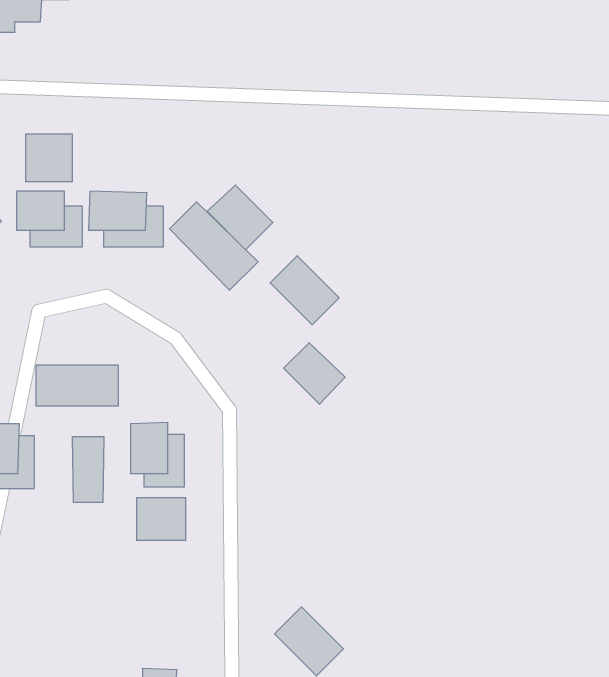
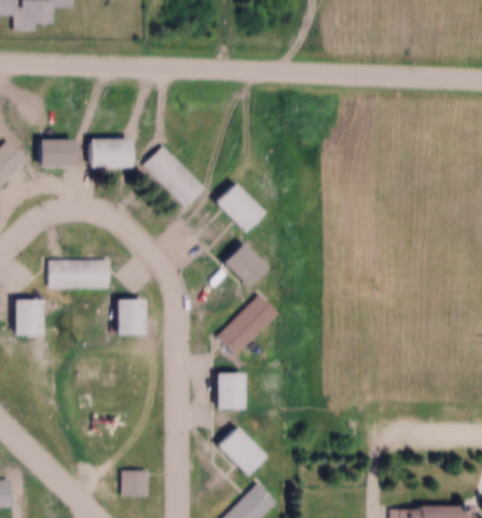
building: [26,134,72,182] -> none
building: [207,185,273,250] -> none
building: none -> [219,293,278,353]
building: [73,437,104,502] -> none
building: [137,498,186,541] -> none
building: none -> [216,373,242,407]

